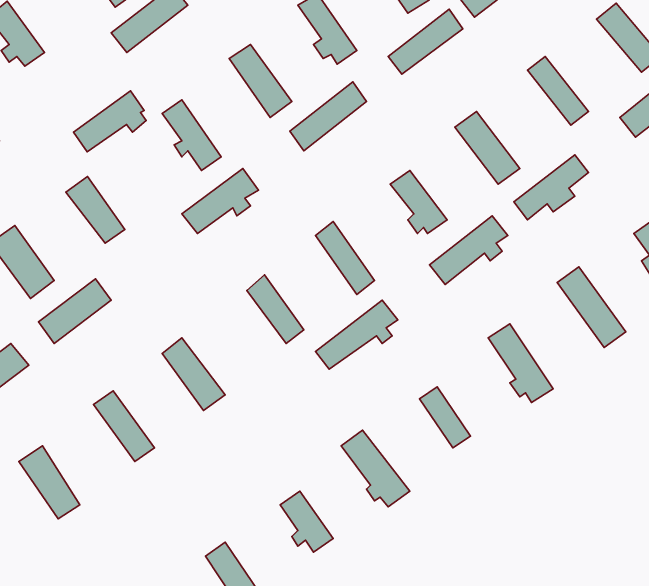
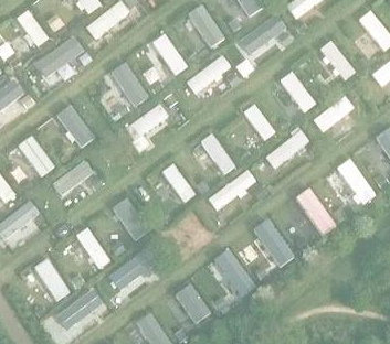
building: [74,91,146,152] -> [32,42,73,76]
building: none -> [102,255,144,291]
building: none -> [49,293,93,331]

